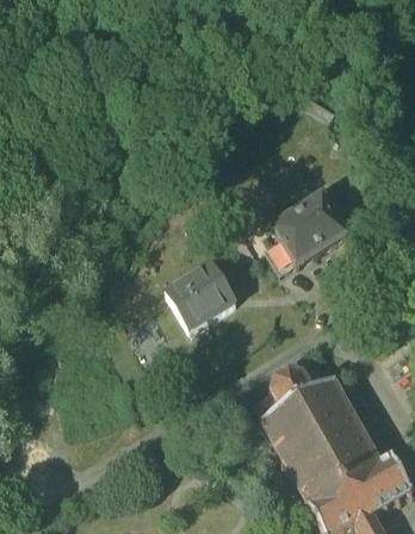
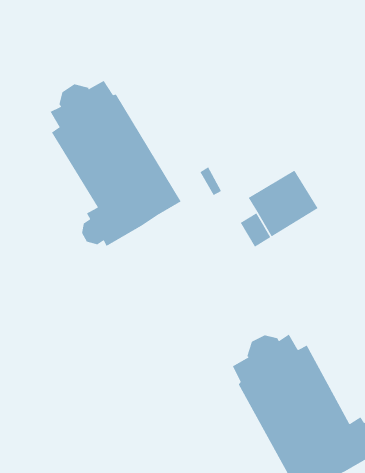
building: none -> [50,80,182,247]
building: [166,256,237,327] -> none

